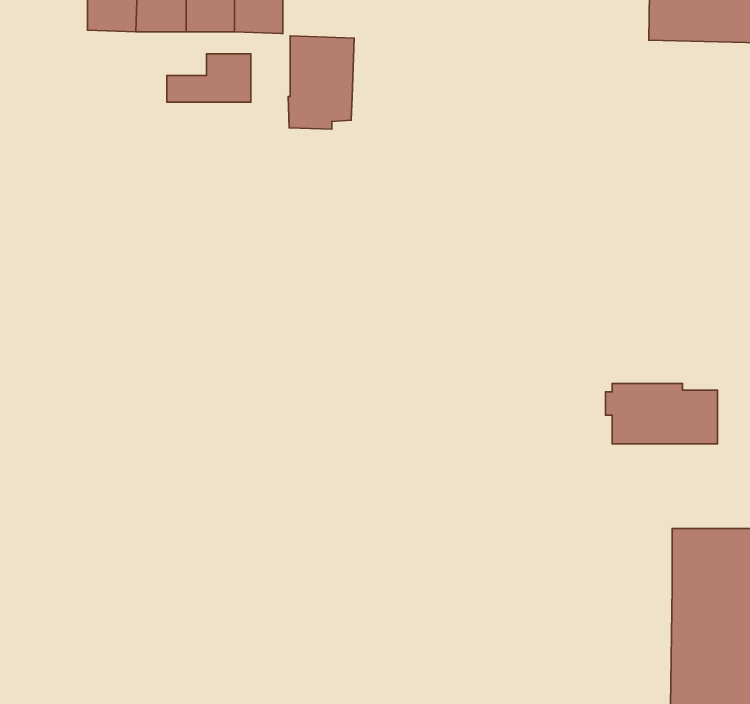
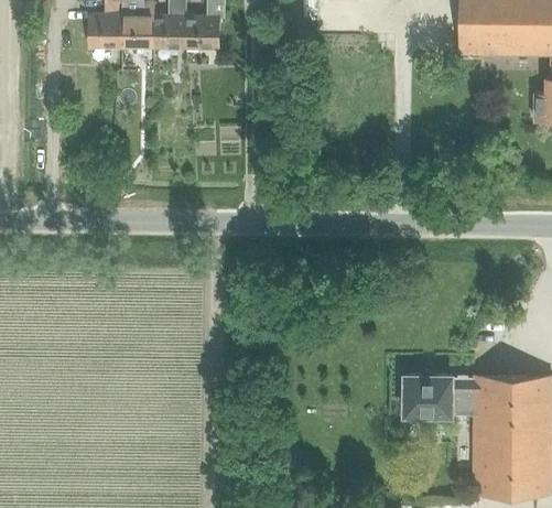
building: [288,36,354,129] -> none
building: [167,54,251,102] -> none
building: [606,384,717,444] -> [401,377,475,417]

